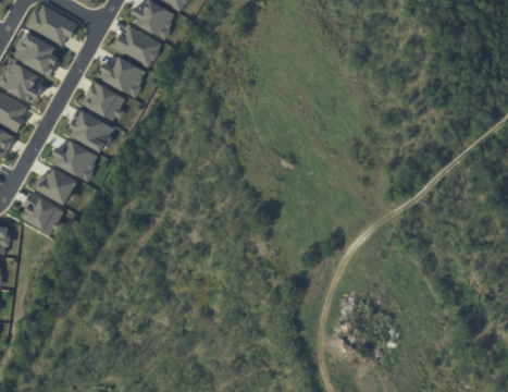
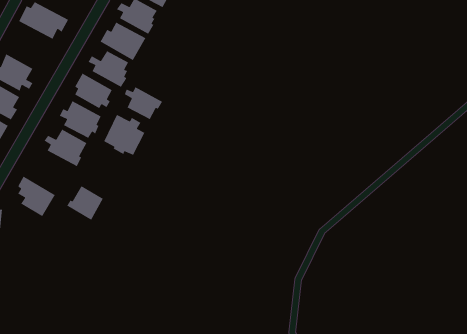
building: [13,32,58,75] -> none
building: none -> [124,86,163,120]
building: none -> [103,114,145,156]
building: [37,168,77,206] -> [66,185,104,221]

